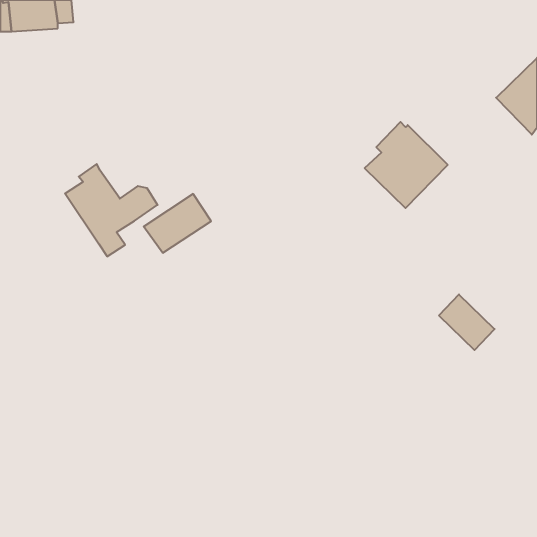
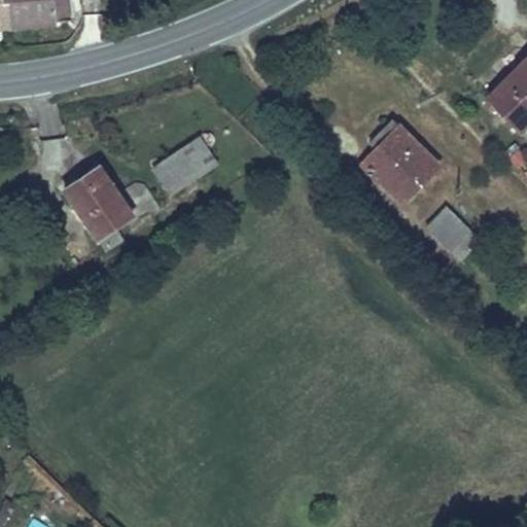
building: [144,194,211,253] -> [151,137,217,195]
building: [439,294,495,350] -> [427,206,482,260]

